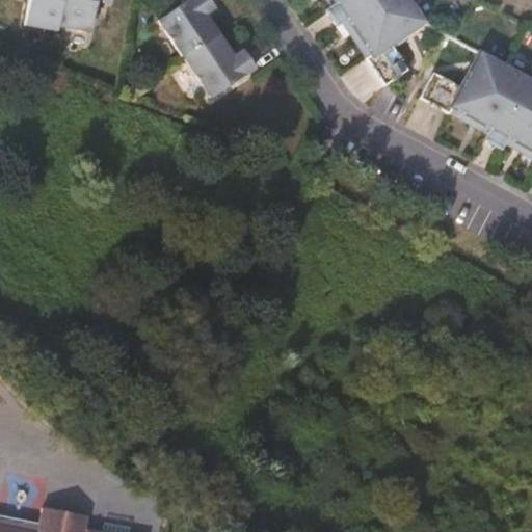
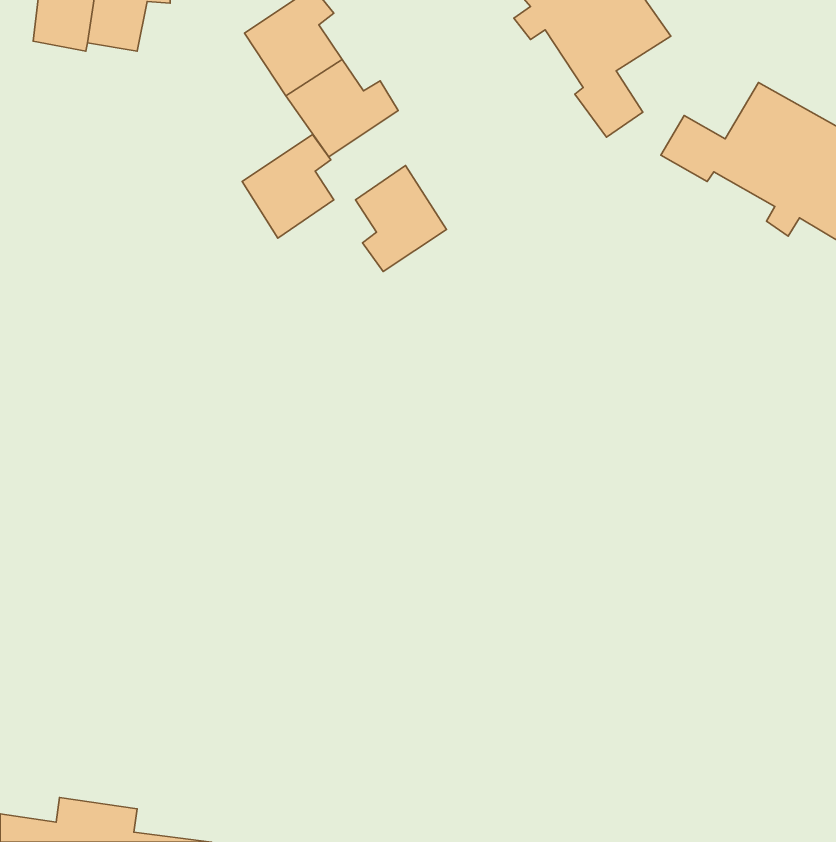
building: none -> [242,135,334,238]
building: none -> [355,165,446,272]

